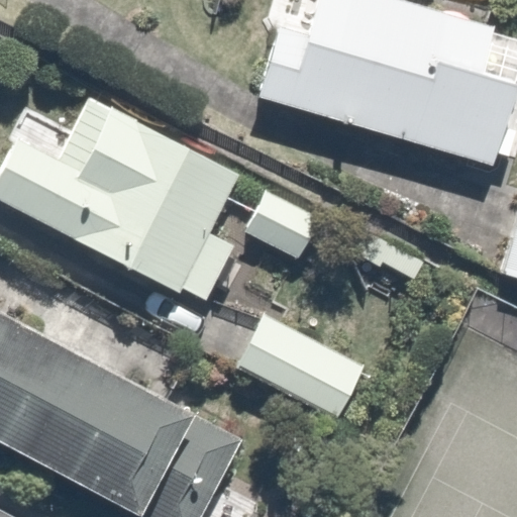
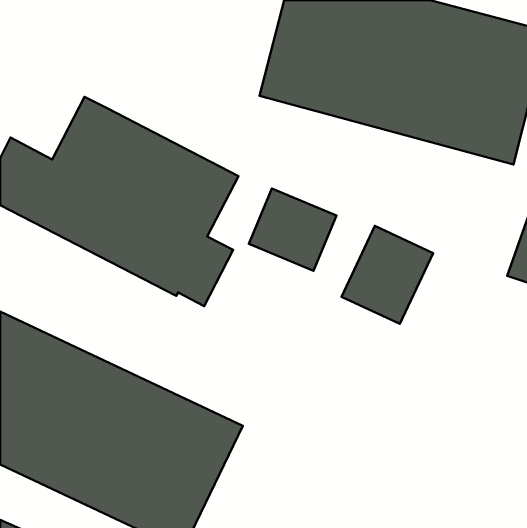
building: [234,315,363,418] -> none

